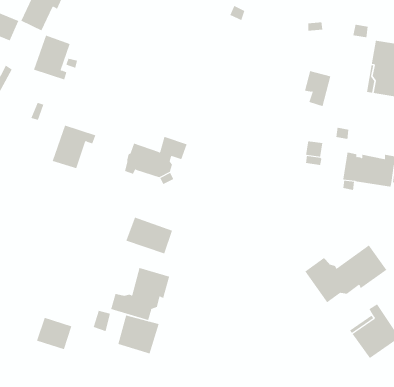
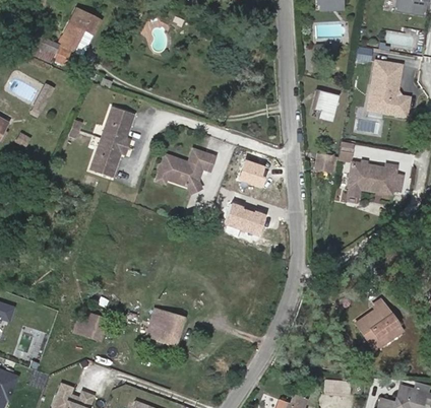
building: [33,35,70,80] -> [100,107,133,147]
building: none -> [238,159,263,185]
building: [125,217,173,254] -> [222,202,264,235]
building: [305,244,387,303] -> none
building: [111,267,170,321] -> none

